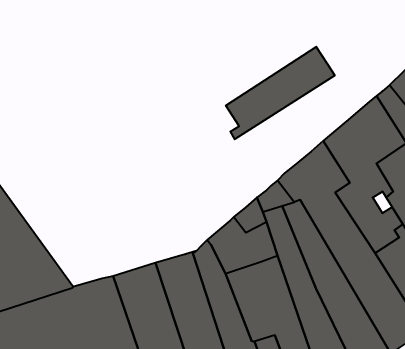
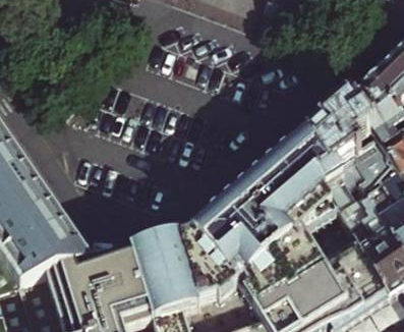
building: [226,47,335,139] -> none

